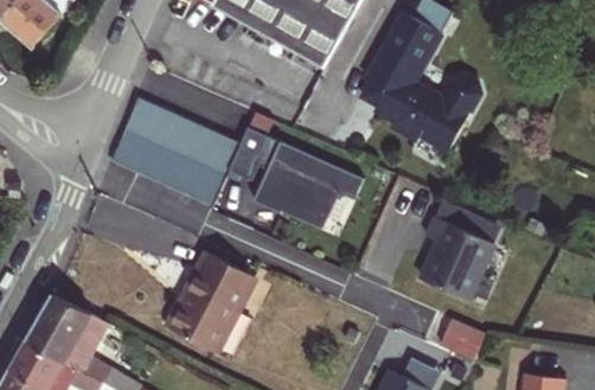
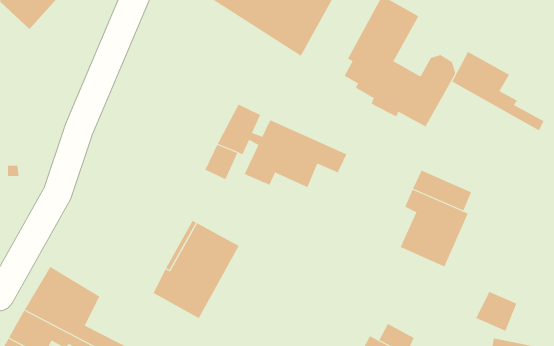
building: none -> [452,51,544,131]
building: [109,96,238,204] -> none
building: [440,319,484,362] -> [475,291,517,332]

